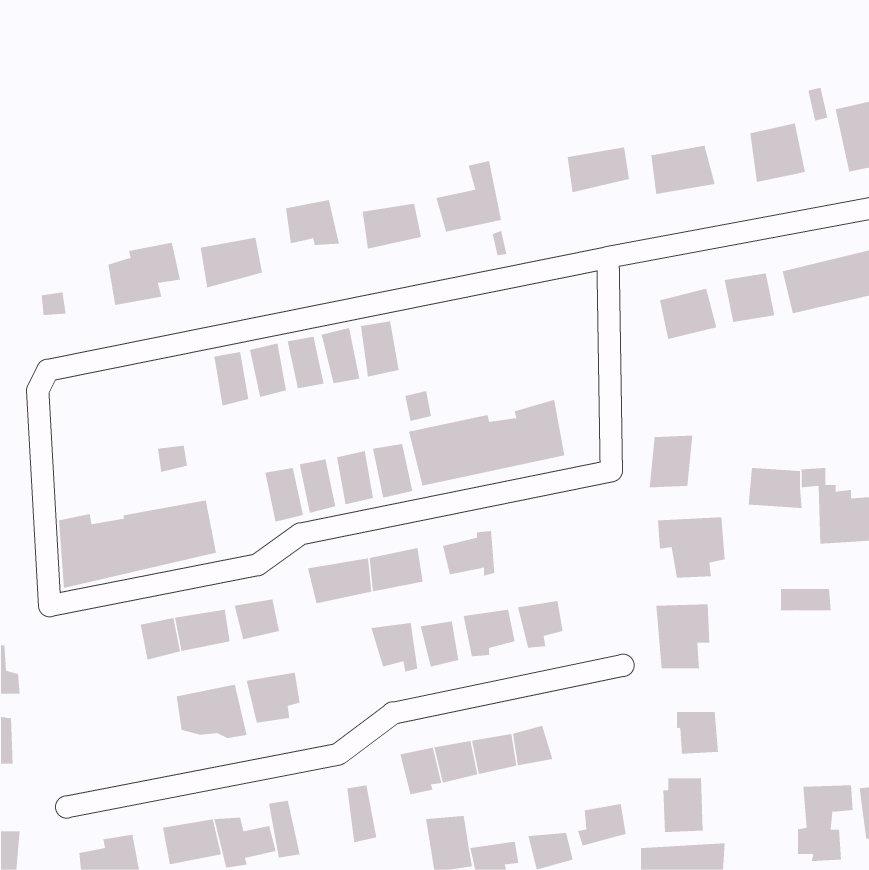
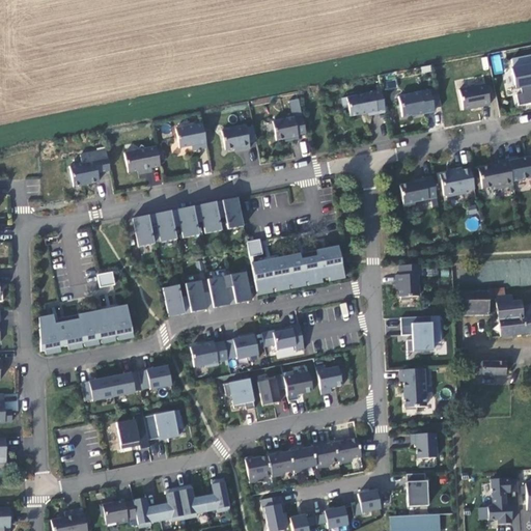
building: none -> [332,436,362,462]
building: none -> [177,483,215,520]

